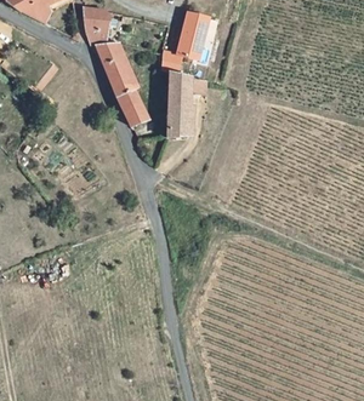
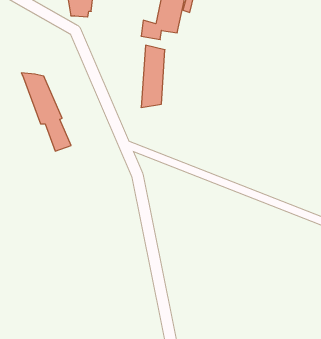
building: [91,40,144,124] -> [21,73,71,151]

